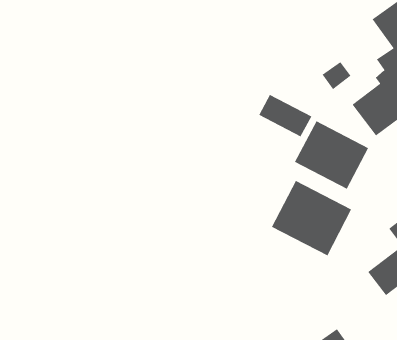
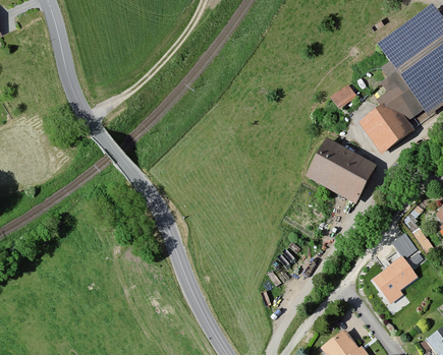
building: [258,94,312,138] -> none
building: [271,180,352,257] -> none

